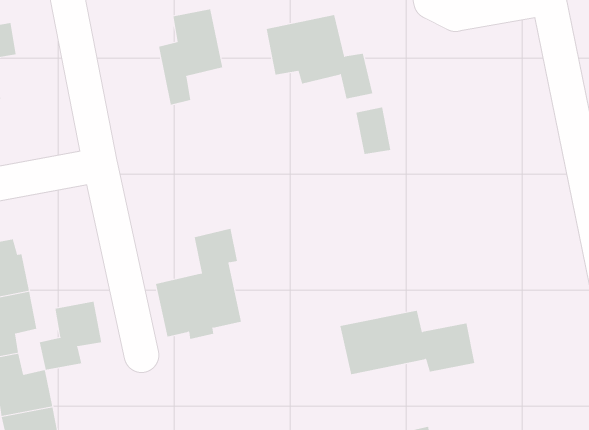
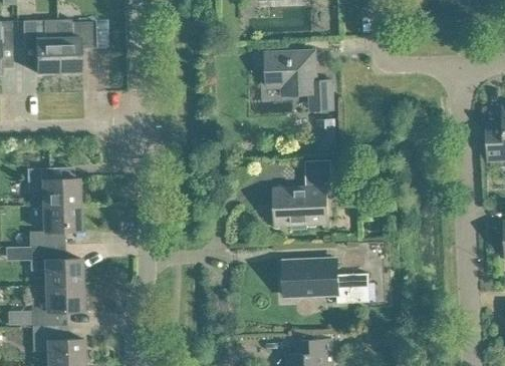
building: [158,9,223,105] -> none
building: [155,228,242,339] -> [274,159,332,230]
building: [39,301,102,370] -> none

